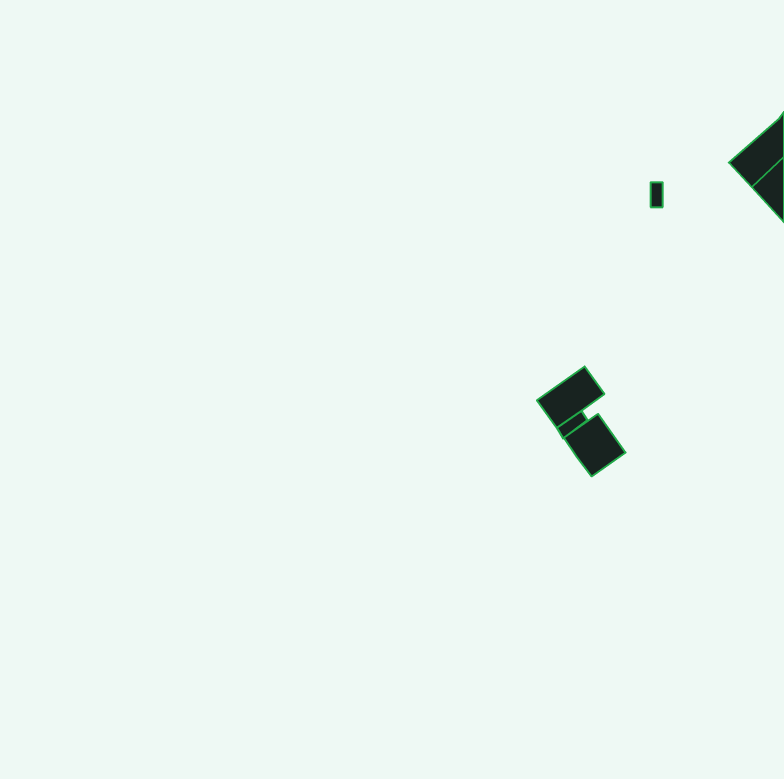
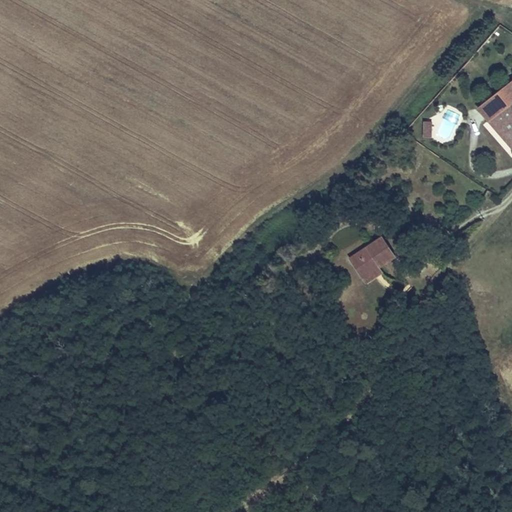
building: [564,414,626,476] -> none

